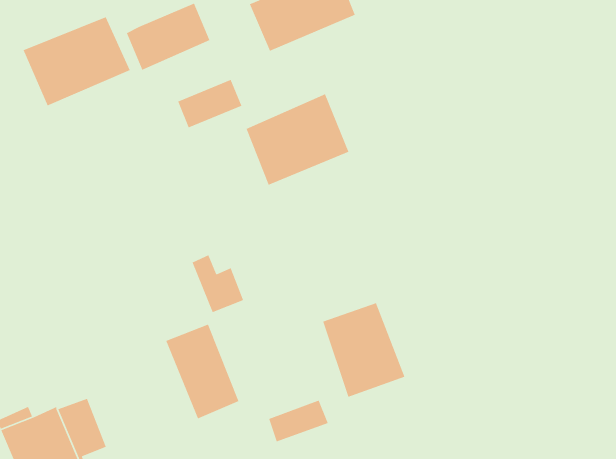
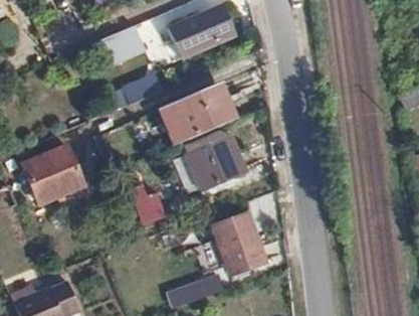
building: [22,16,131,106] -> none
building: none -> [187,136,244,188]
building: none -> [22,147,82,204]
building: [165,324,240,419] -> none

